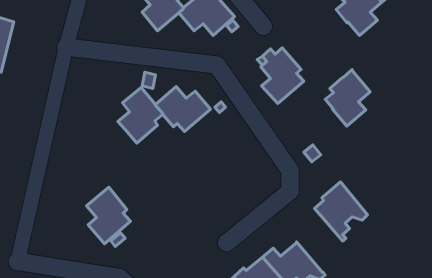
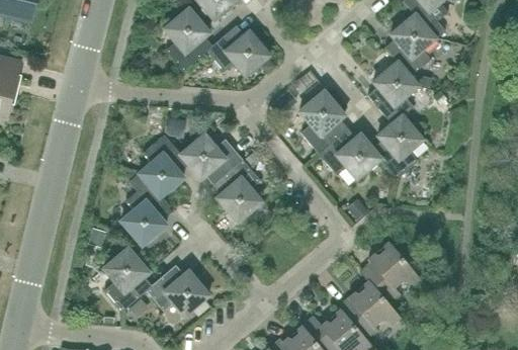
building: none -> [367,61,419,123]
building: none -> [319,127,381,179]
building: none -> [213,159,262,223]
building: none -> [121,182,172,245]
building: none -> [147,264,209,316]
building: none -> [338,280,401,343]

